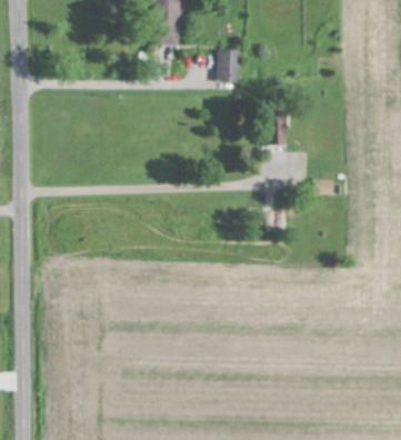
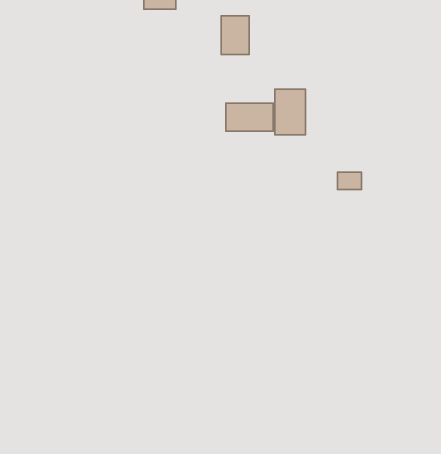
building: none -> [226,103,273,131]

